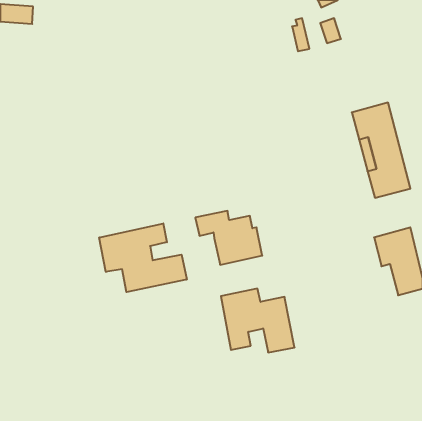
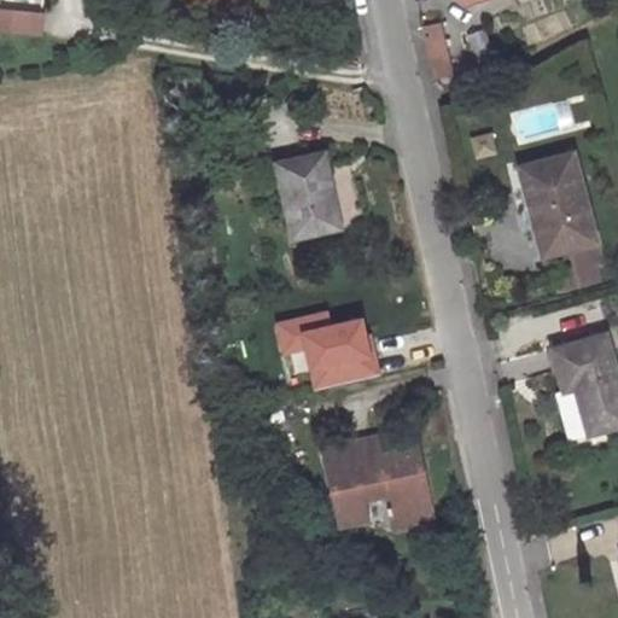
building: none -> [279,153,339,238]
building: [99,223,187,292] -> none

